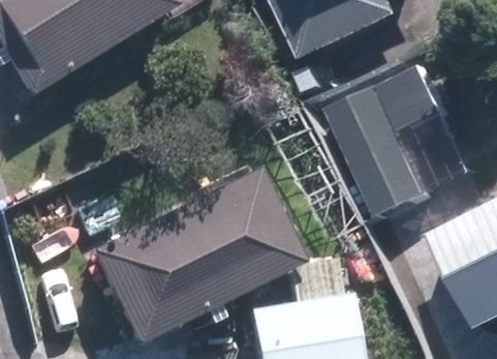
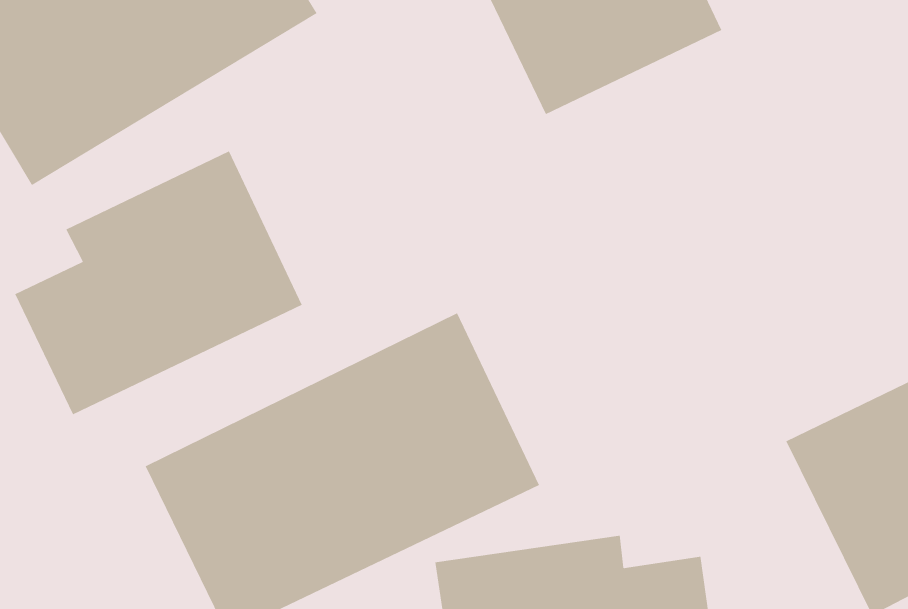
building: [332,70,473,213] -> none
building: none -> [14,150,303,415]

